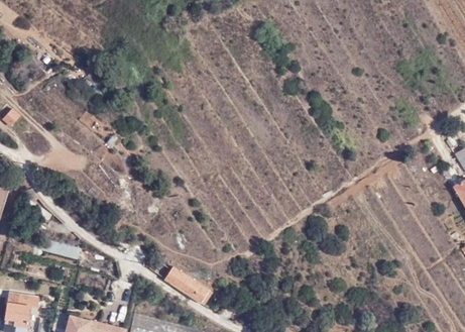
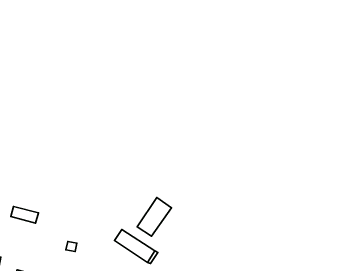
building: none -> [137,197,172,236]

